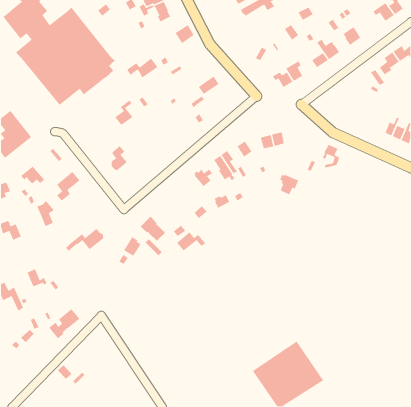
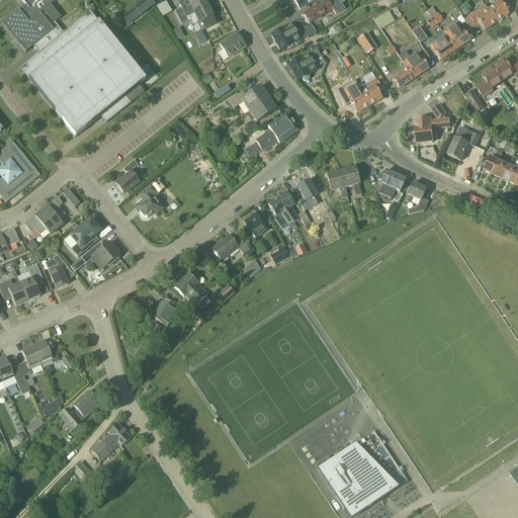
building: none -> [270,20,308,49]
building: none -> [443,20,469,48]
building: none -> [288,47,321,78]
building: [126,58,158,78] -> [229,83,269,109]
building: none -> [414,102,450,141]
building: none -> [255,111,297,149]
building: [114,99,133,126] -> [115,158,140,191]
building: none -> [447,127,481,158]
building: none -> [41,195,65,227]
building: [279,174,299,196] -> [378,169,404,196]
building: none -> [20,262,44,298]
building: [65,228,105,252] -> [71,239,120,269]
building: [176,232,206,252] -> [212,233,250,258]
building: none -> [18,343,41,372]
building: none -> [91,422,131,458]

